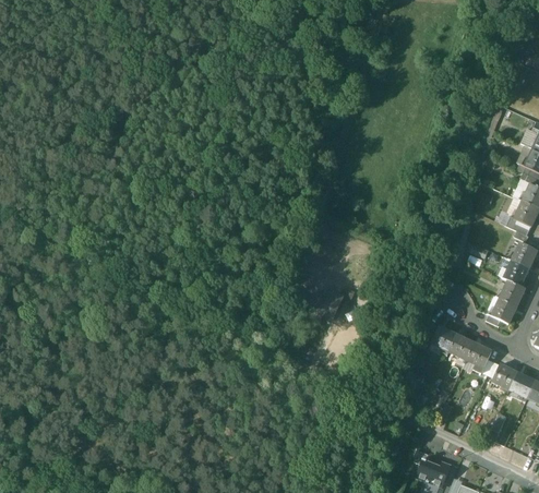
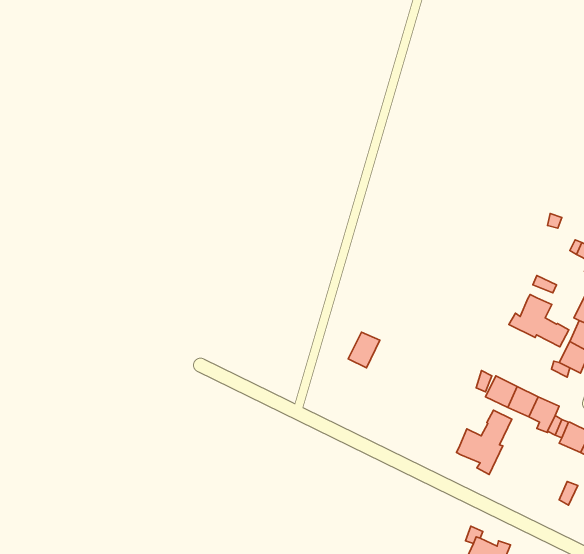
building: none -> [509,295,569,347]
building: none -> [457,410,512,474]

